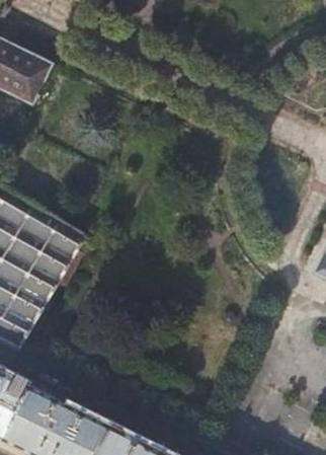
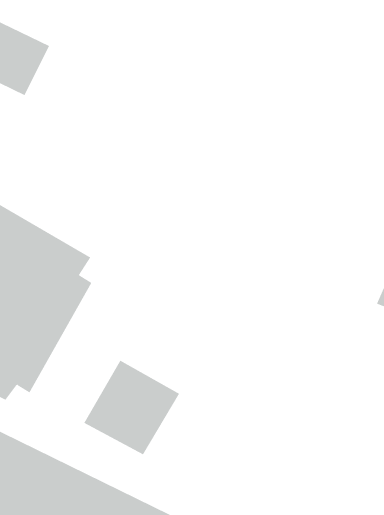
building: none -> [84,360,180,455]

